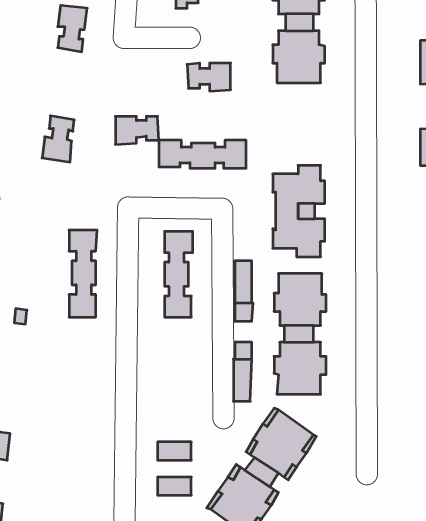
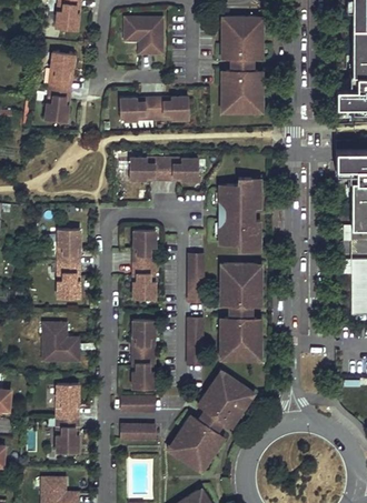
building: [42,116,74,162] -> [42,85,68,122]
building: [115,116,159,144] -> [118,99,152,121]
building: none -> [132,321,155,389]
building: none -> [42,323,79,362]
building: none -> [56,384,78,452]

